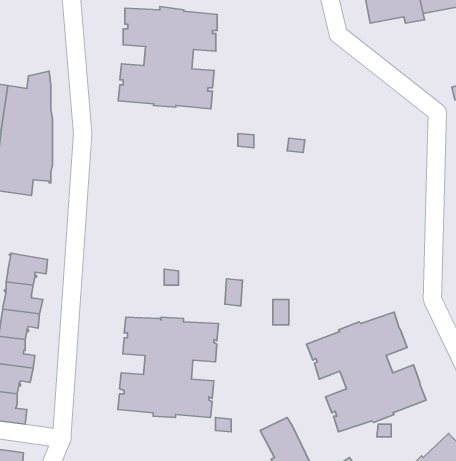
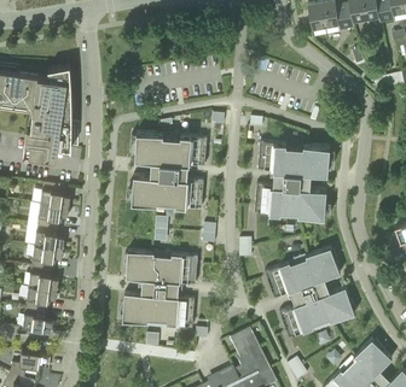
building: [118,6,217,109] -> [130,131,205,209]
building: none -> [254,141,329,217]
building: none -> [40,182,70,207]

